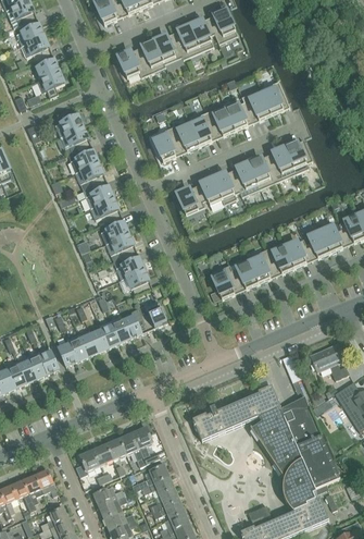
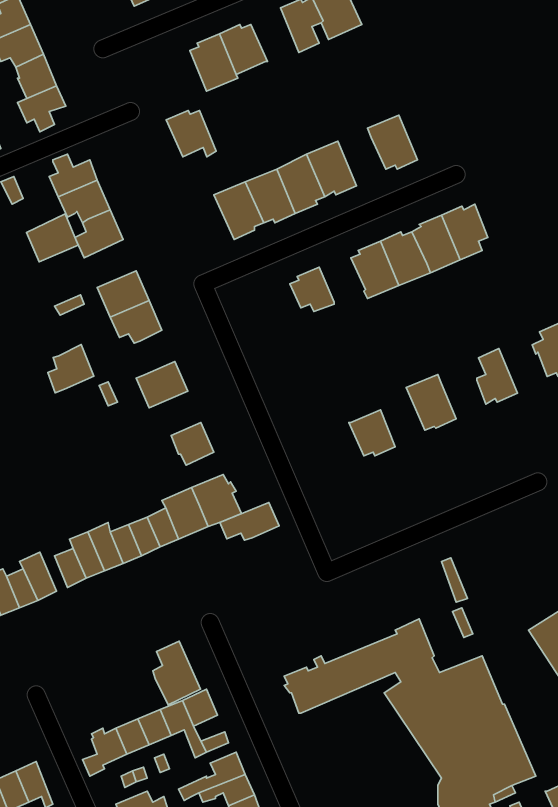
building: [172,24,200,58] -> none
building: [116,49,146,76] -> [166,110,216,157]
building: [259,79,288,113] -> none
building: [223,97,251,128] -> none
building: [74,160,104,188] -> [26,214,78,262]
building: [212,171,239,203] -> none
building: [175,186,203,213] -> none
building: [100,213,127,242] -> [48,345,94,393]
building: [317,219,346,250] -> none
building: [284,237,310,266] -> none
building: [246,247,274,282] -> none
building: [112,249,142,278] -> none
building: [209,262,238,297] -> none
building: none -> [220,503,279,540]
building: [309,342,347,377] -> none
building: none -> [153,641,200,705]

